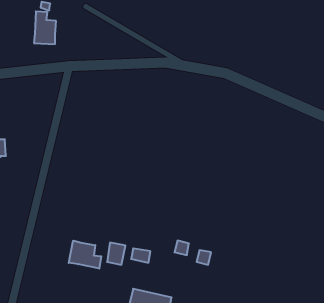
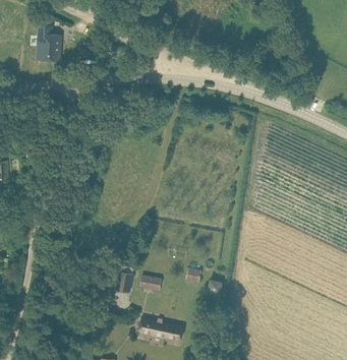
building: [69,241,101,269] -> none

